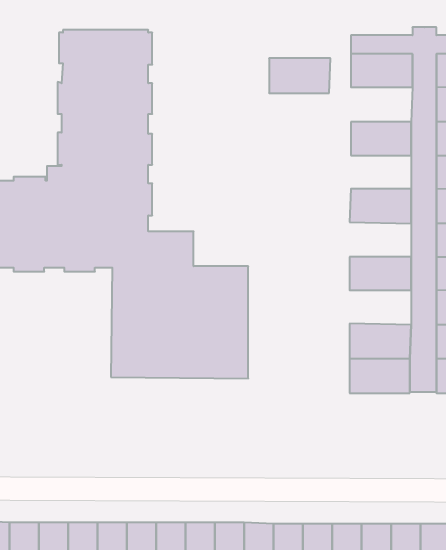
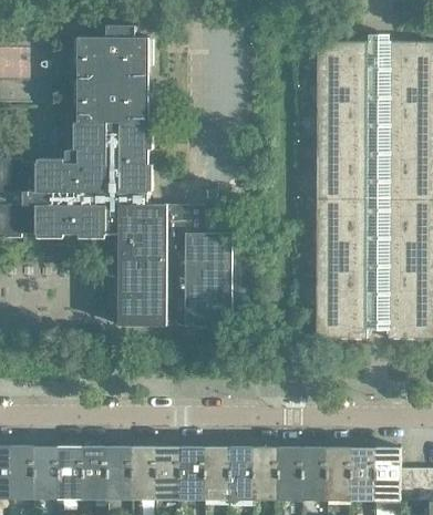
building: [269,58,330,93] -> [317,85,368,114]
building: none -> [317,142,367,169]
building: none -> [316,197,367,226]
building: none -> [316,254,367,282]

